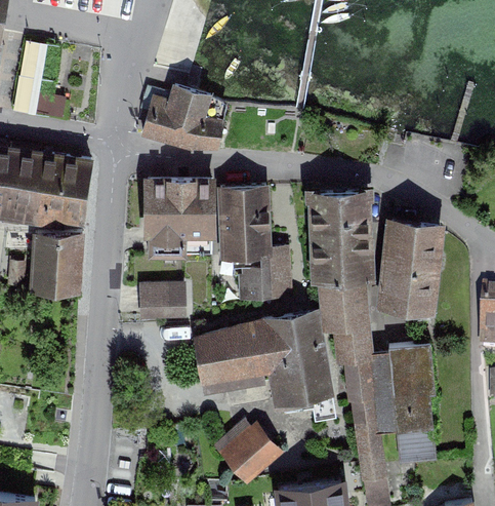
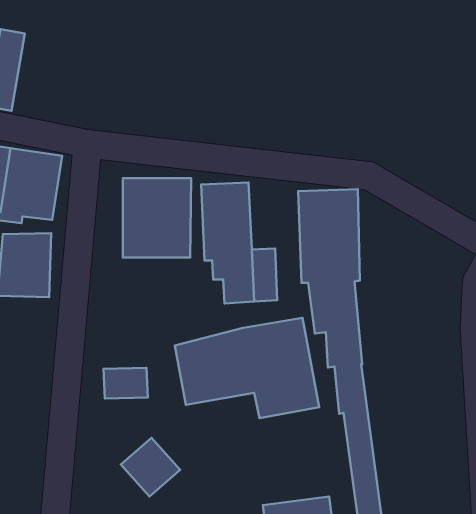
building: [140,87,225,145] -> none
building: [380,223,440,311] -> none
building: [140,287,181,316] -> [104,368,148,399]
building: [388,343,436,464] -> none
building: [217,420,273,474] -> [121,438,180,496]

